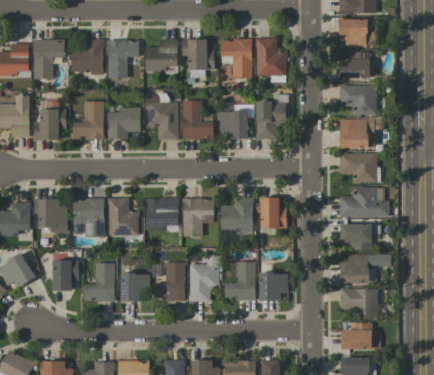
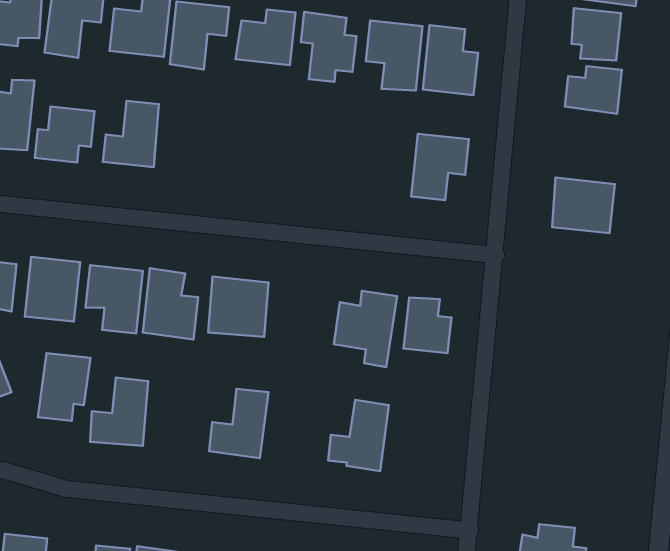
building: [339,85,377,116] -> none
building: [147,94,178,140] -> none
building: [182,100,214,140] -> none
building: [108,107,140,139] -> none
building: [219,110,250,139] -> none
building: [339,153,376,183] -> none
building: [340,187,389,218] -> none
building: [182,198,214,237] -> none
building: [340,224,380,250] -> none
building: [340,254,391,282] -> none
building: [188,255,219,302] -> none
building: [259,272,288,301] -> none
building: [121,273,150,302] -> none
building: [340,288,378,319] -> none

